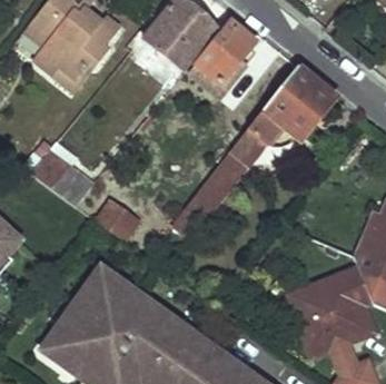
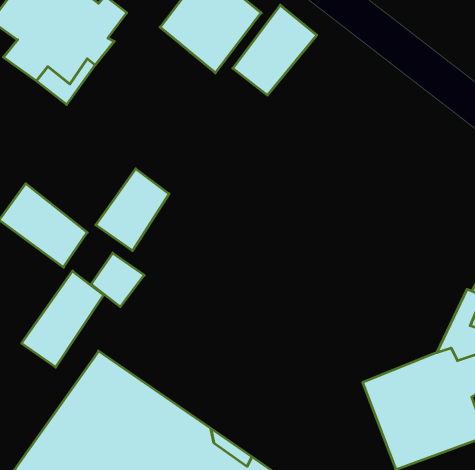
building: [172,65,337,240] -> none
building: none -> [96,169,169,251]
building: none -> [22,271,103,367]

